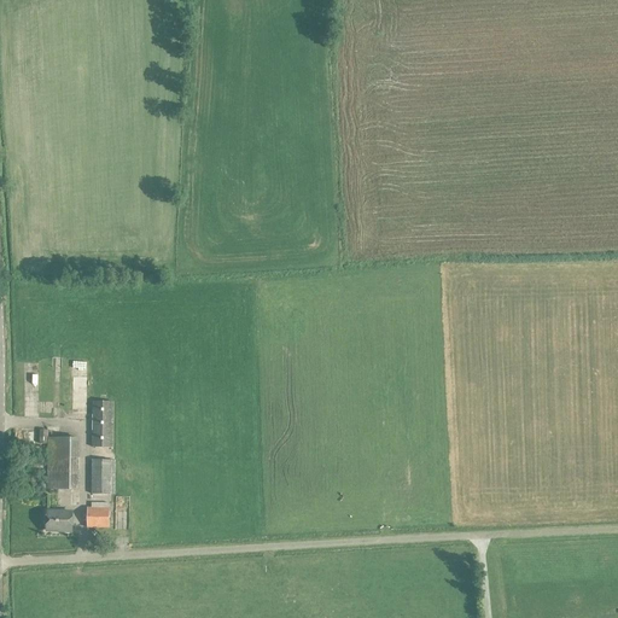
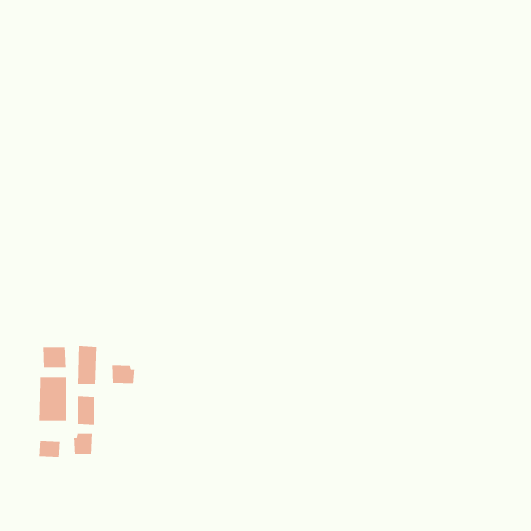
building: none -> [42,347,66,368]
building: none -> [112,365,135,384]

